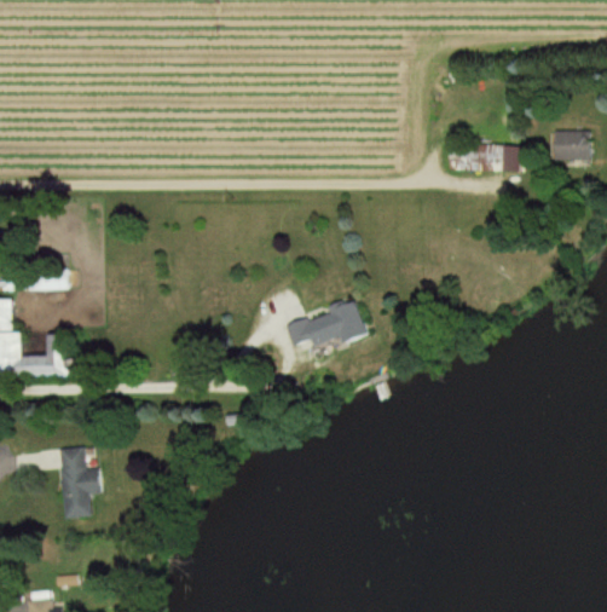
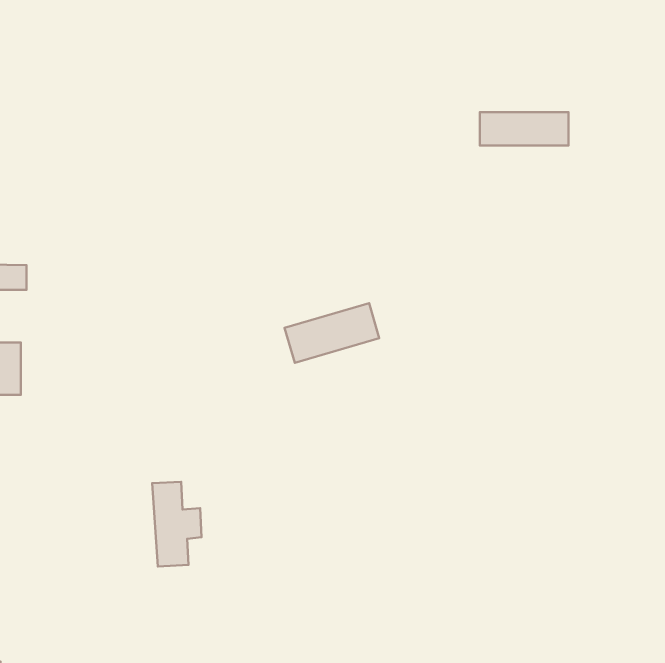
building: [553,131,590,160] -> none
building: [59,449,100,519] -> [152,482,202,566]

